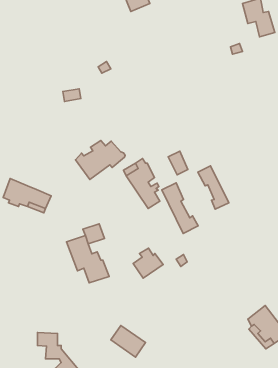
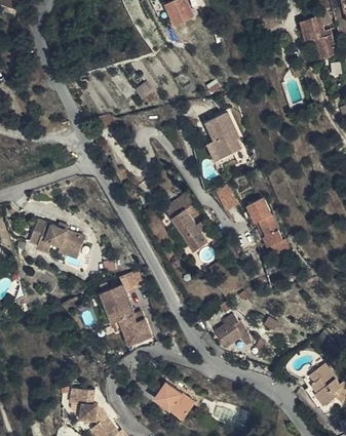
building: none -> [208,114,242,166]
building: [76,140,125,179] -> none
building: [162,183,198,234] -> none
building: [133,248,163,278] -> [221,318,255,352]

